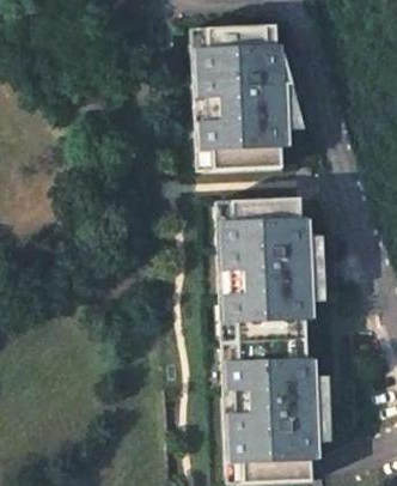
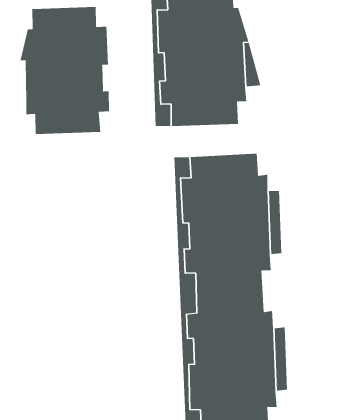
building: none -> [20,6,109,135]

